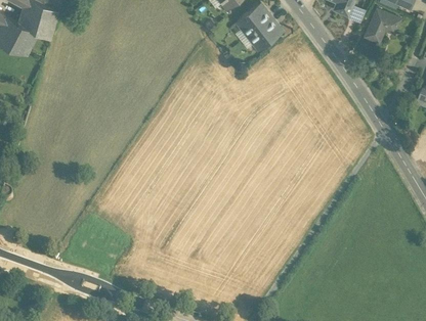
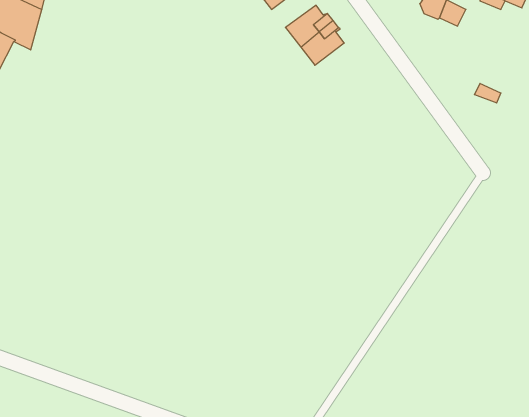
building: [365,8,400,43] -> none

